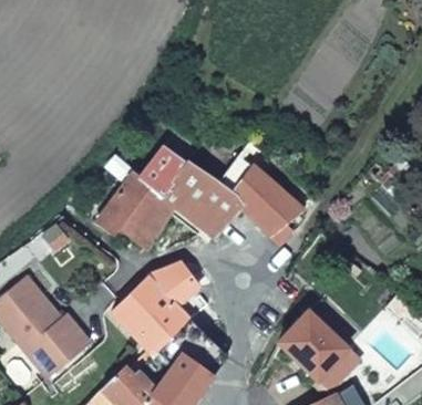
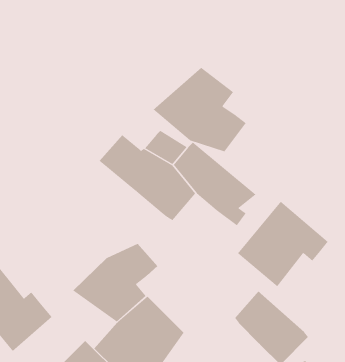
building: none -> [152,67,247,152]
building: [99,172,177,245] -> none
building: none -> [237,201,329,287]

